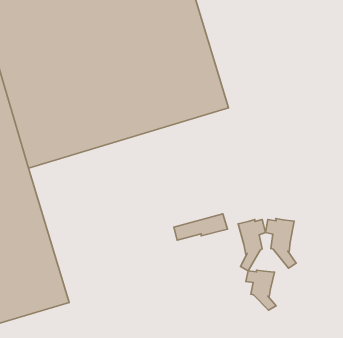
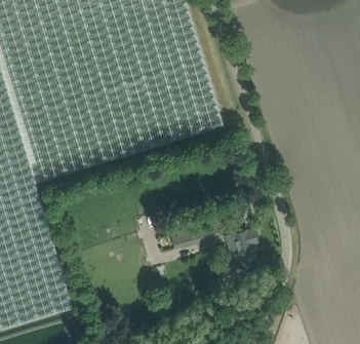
building: [266,219,296,268] -> none
building: [246,270,276,310] -> none

